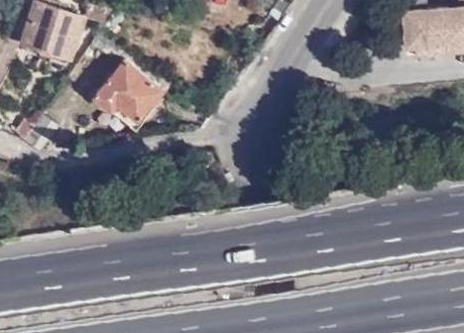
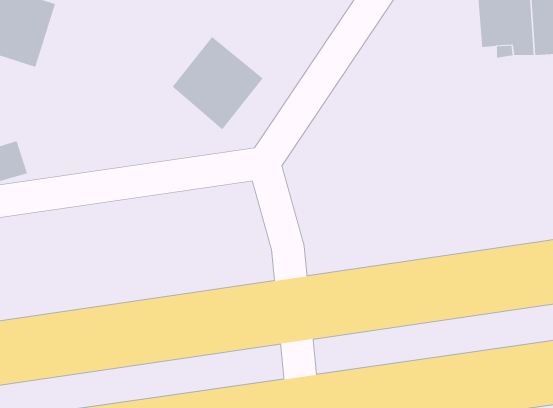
building: [94,58,163,129] -> [172,36,263,130]

